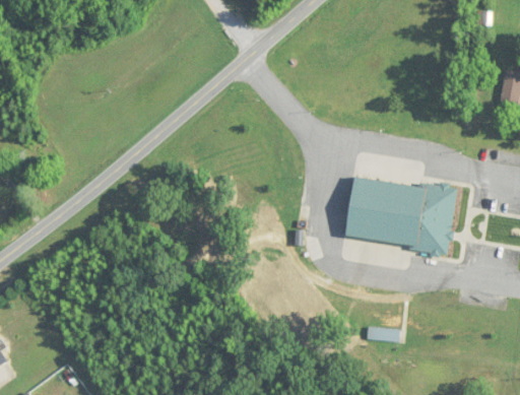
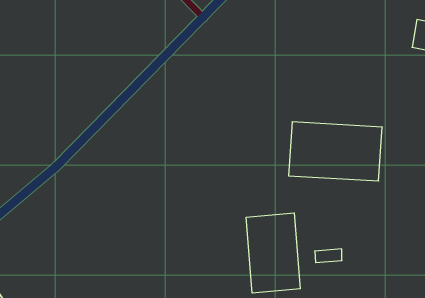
building: none -> [246,213,300,293]

